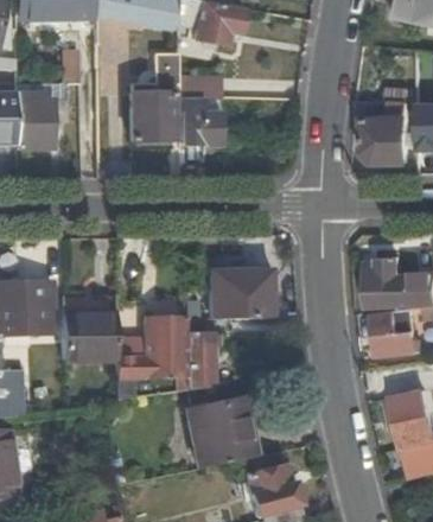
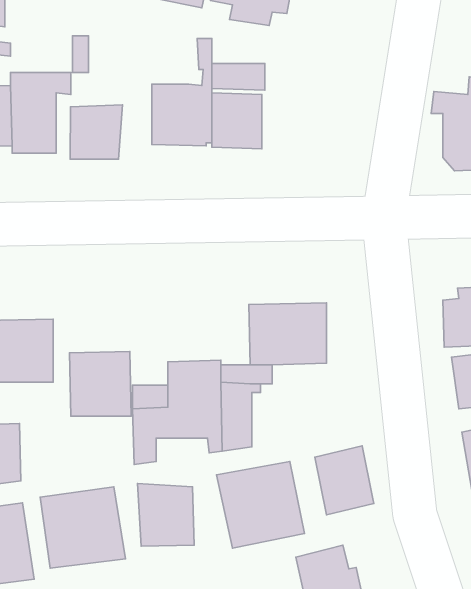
building: none -> [70,105,122,159]
building: none -> [315,446,374,515]
building: none -> [137,483,194,546]
building: none -> [40,487,126,568]

